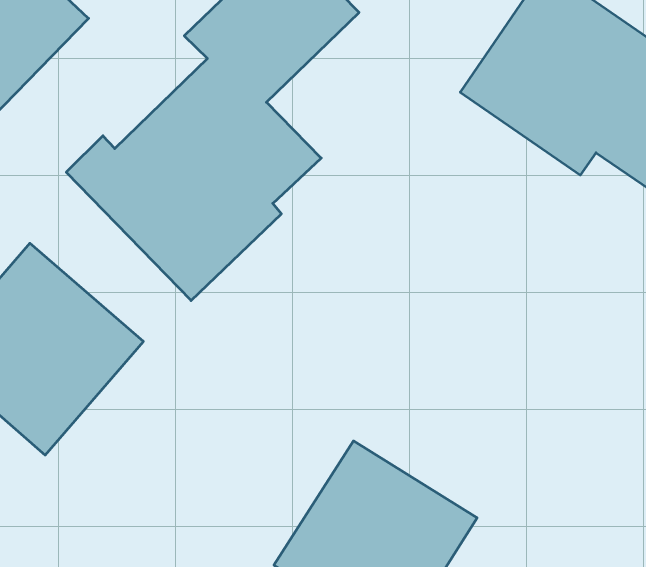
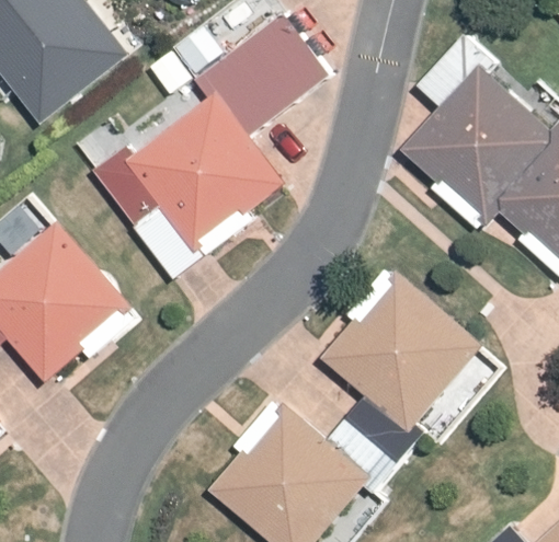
building: none -> [320,273,480,431]

